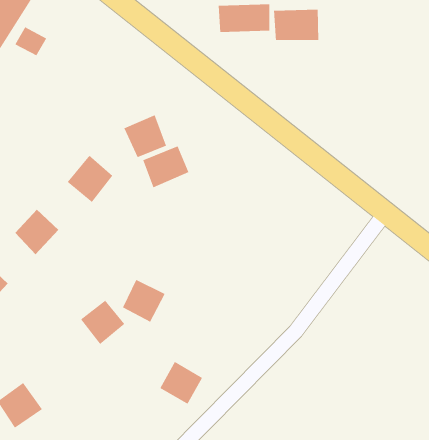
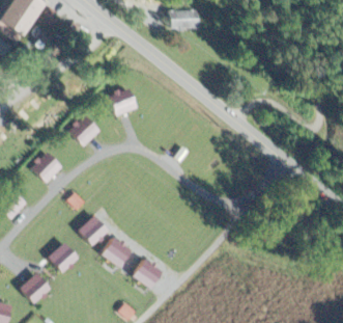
building: [274,9,319,41] -> none
building: [143,146,189,188] -> none
building: [122,279,166,322] -> [101,236,131,266]
building: none -> [47,242,78,273]

